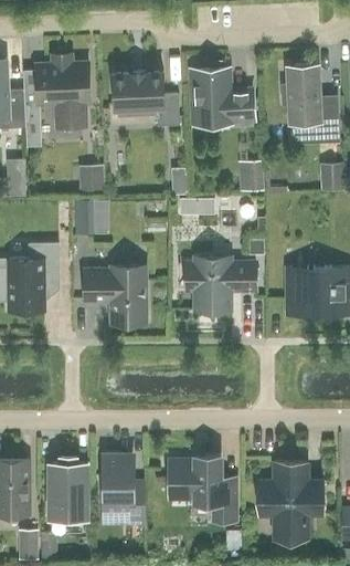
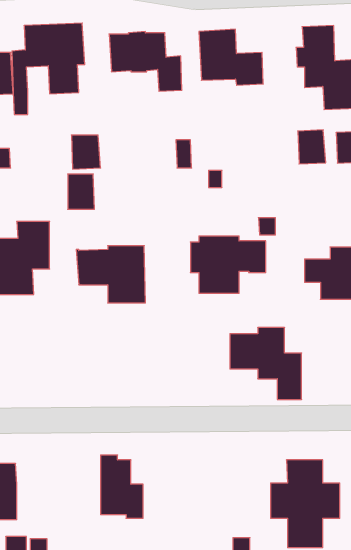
building: [238,161,264,192] -> [298,130,326,164]
building: [170,457,235,522] -> [230,328,302,399]
building: [51,464,86,520] -> none

